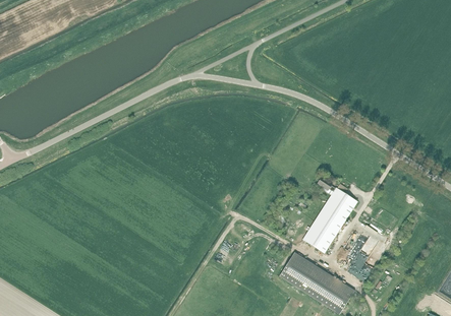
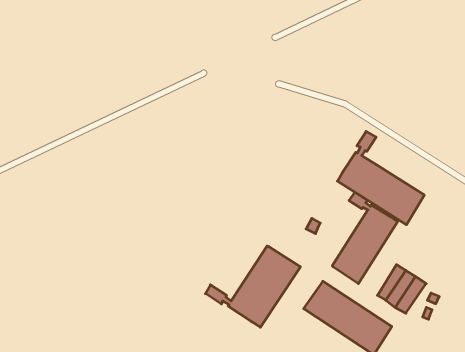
building: none -> [337,131,424,225]
building: none -> [205,246,300,327]

